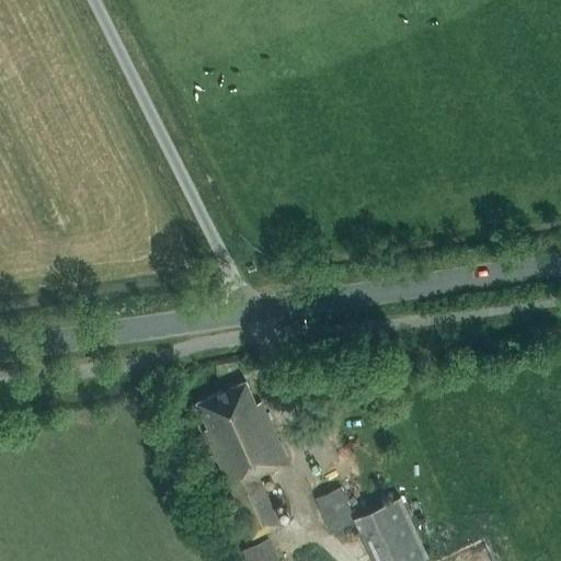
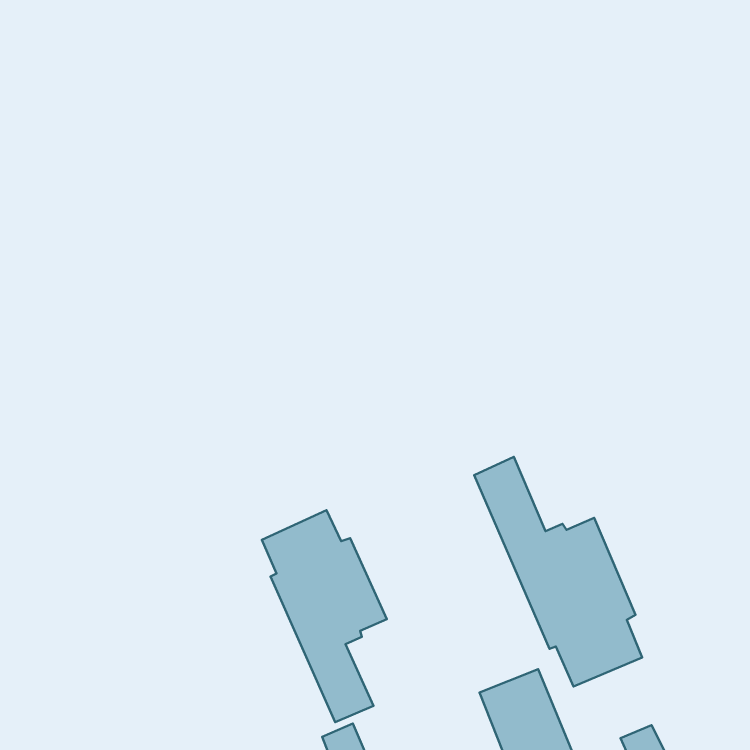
building: none -> [474,457,642,686]
building: [317,488,357,531] -> none

